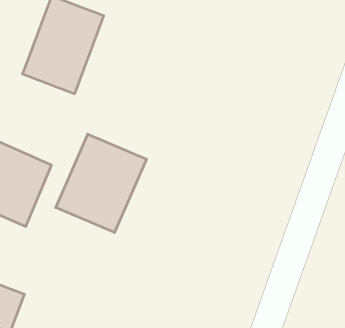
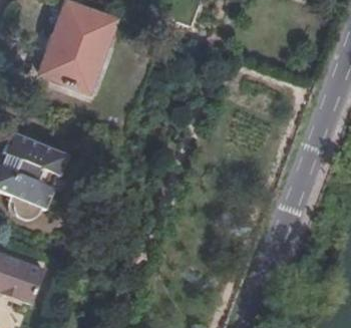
building: [56,134,146,233] -> none

